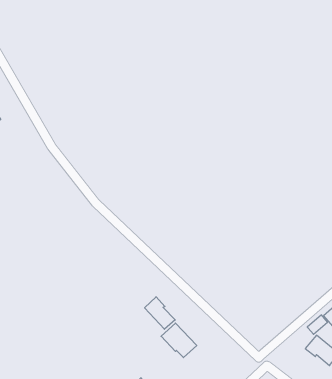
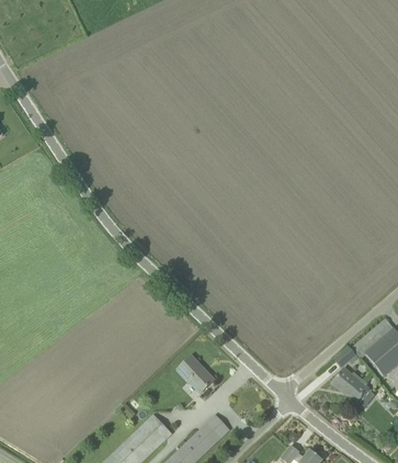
building: [145,297,175,329] -> none

